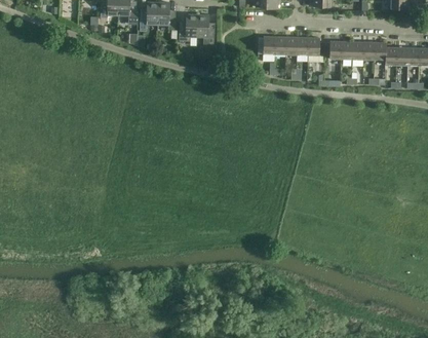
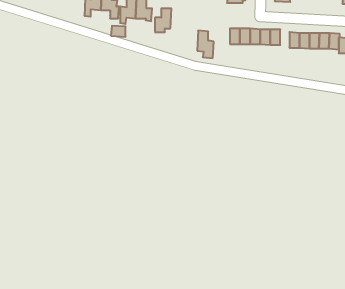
building: [196,13,215,44] -> [197,31,214,58]

